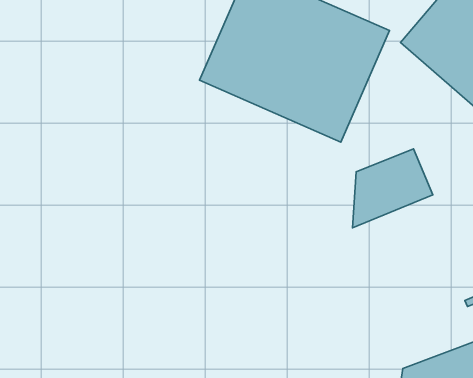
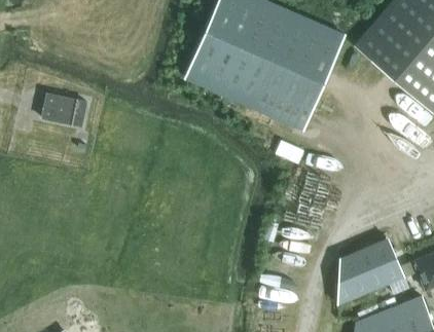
building: none -> [41,94,87,127]
building: [353,149,433,228] -> [336,238,404,305]

